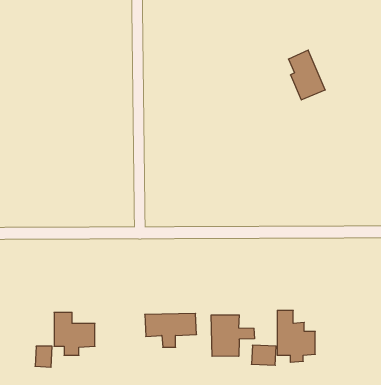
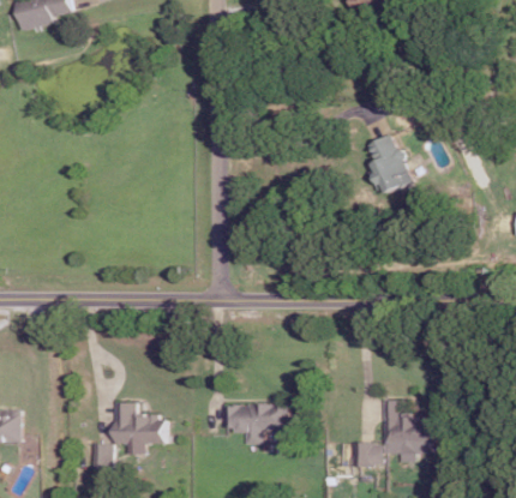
building: [288,50,325,100] -> [368,133,413,193]
building: [211,315,254,356] -> none

